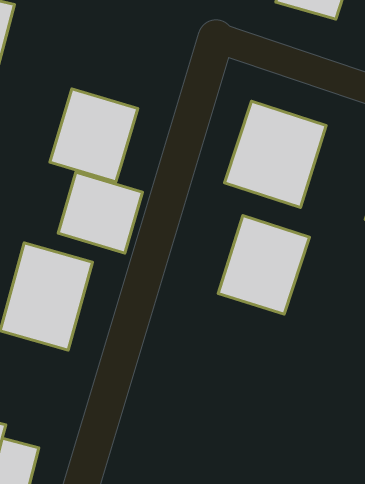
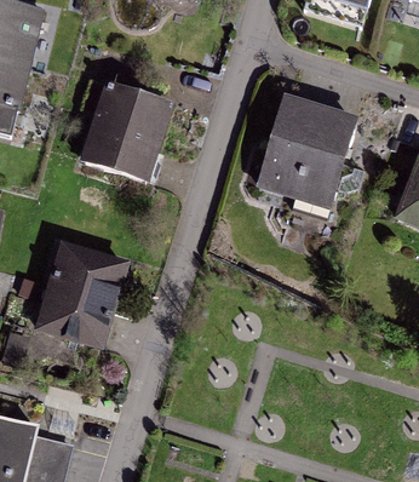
building: [58,172,143,253] -> none
building: [218,216,310,314] -> none

